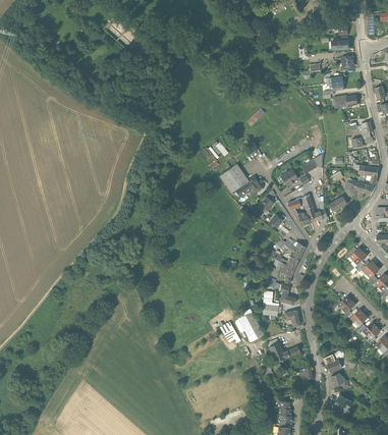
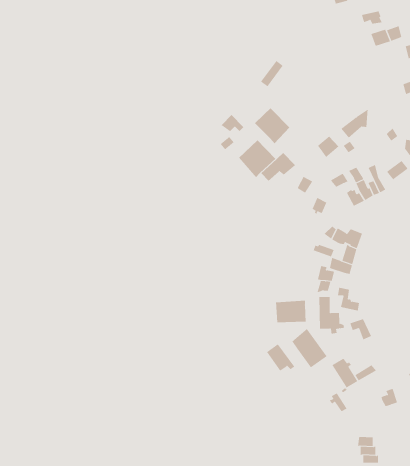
building: none -> [254,107,290,144]
building: none -> [275,300,306,323]

